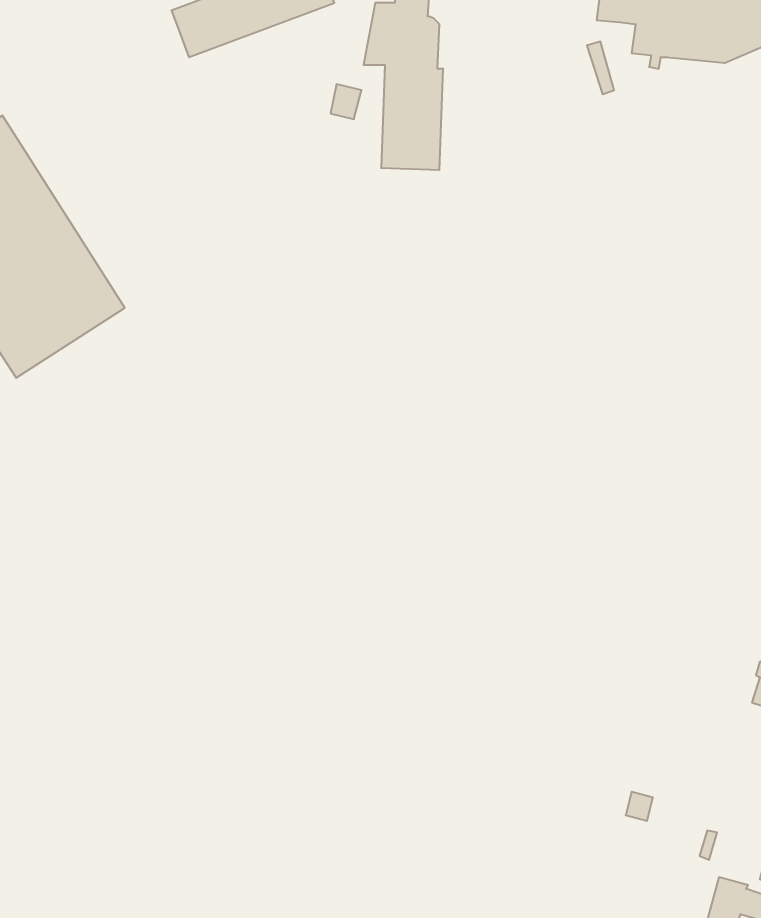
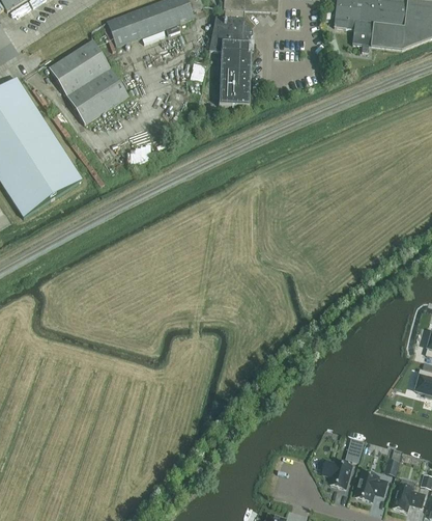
building: none -> [49,39,128,124]
building: none -> [323,459,352,488]
building: none -> [356,471,387,500]

